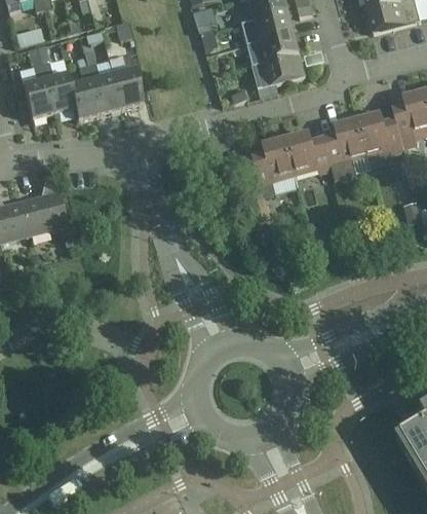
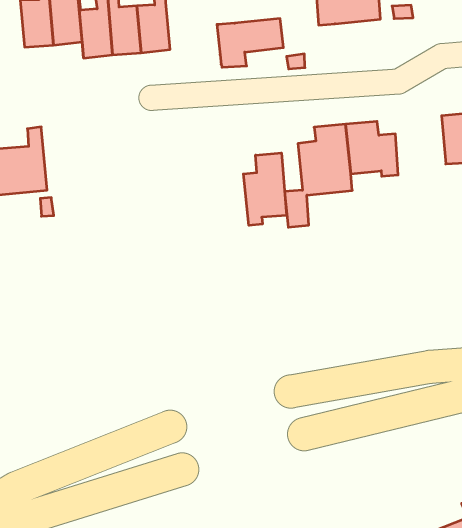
building: [251,51,305,96] -> [217,19,283,67]
building: [324,117,366,178] -> none
building: none -> [243,153,287,225]

